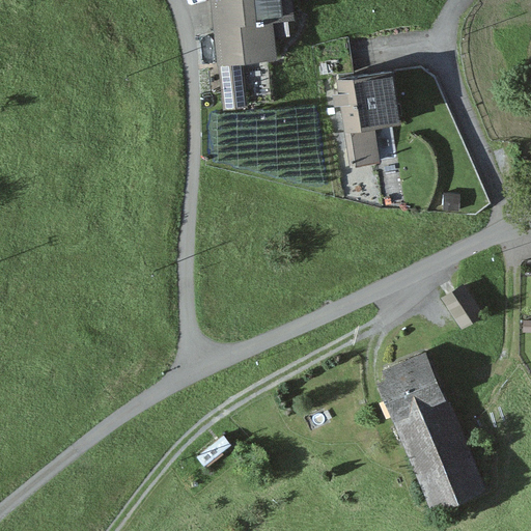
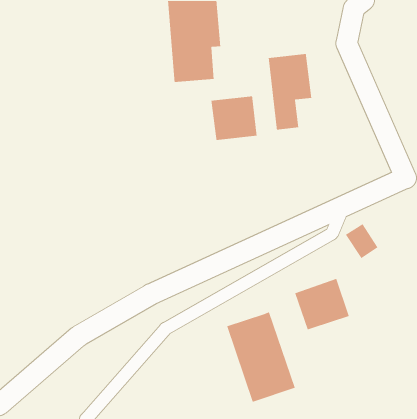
building: none -> [210,95,257,141]
building: [395,397,483,513] -> [226,311,296,403]

